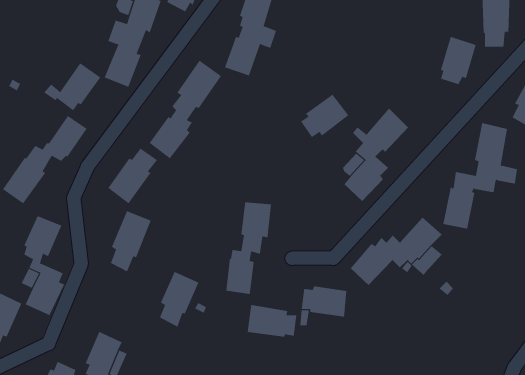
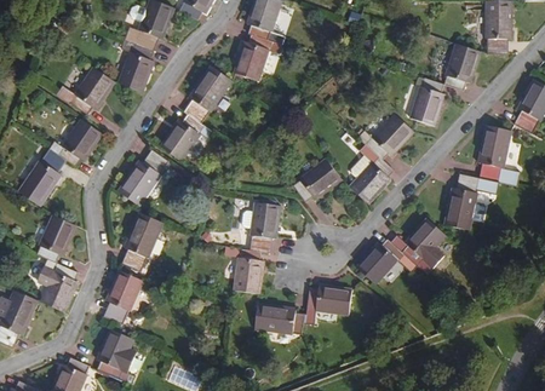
building: none -> [407,77,442,126]
building: [300,94,349,138] -> [293,157,340,200]
building: [159,271,199,328] -> [107,269,145,323]

